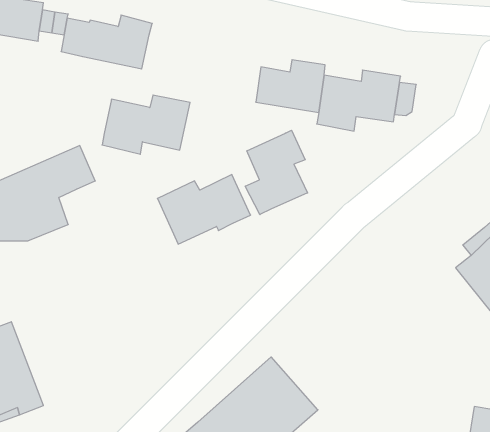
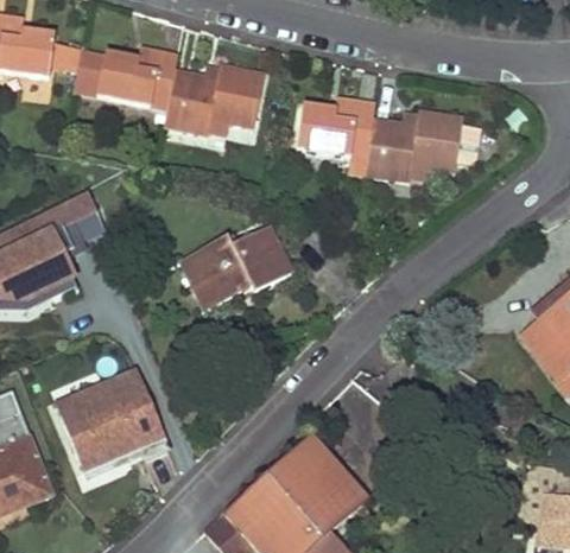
building: [102,95,190,154] -> [162,64,262,132]
building: [245,130,308,215] -> none
building: none -> [61,369,177,483]

